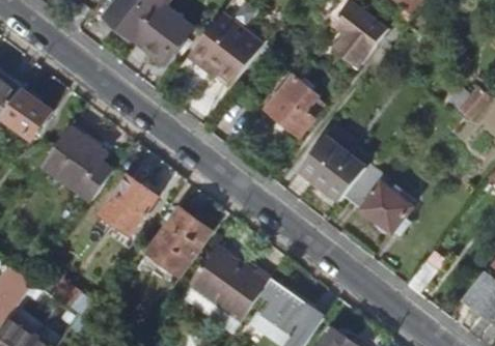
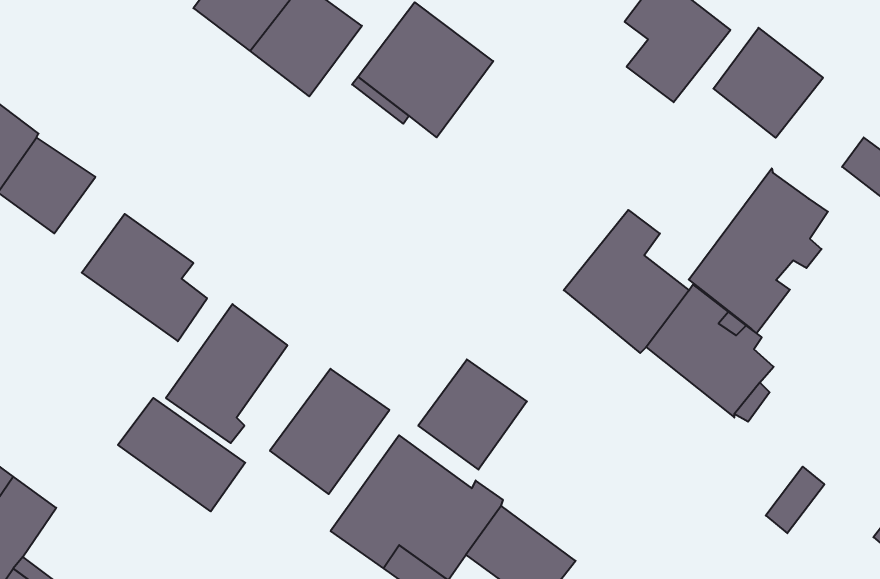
building: none -> [713,28,823,138]
building: [265,74,320,138] -> none
building: none -> [689,168,828,333]
building: none -> [418,359,527,470]
building: none -> [118,398,245,511]

